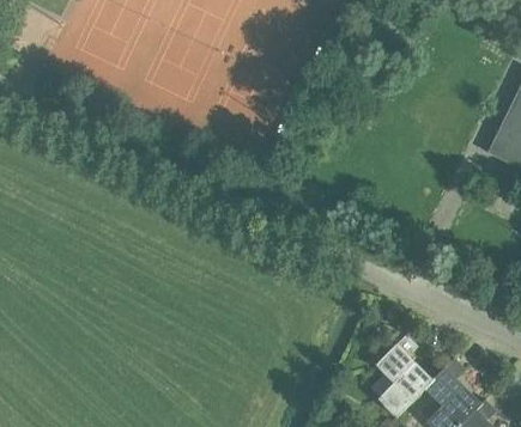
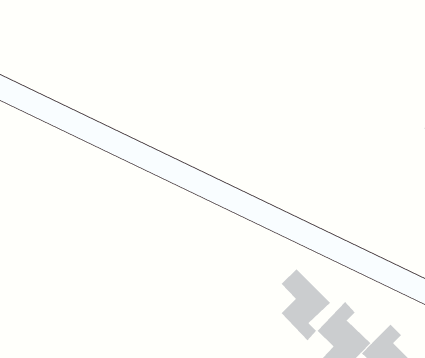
building: none -> [281,268,331,341]

